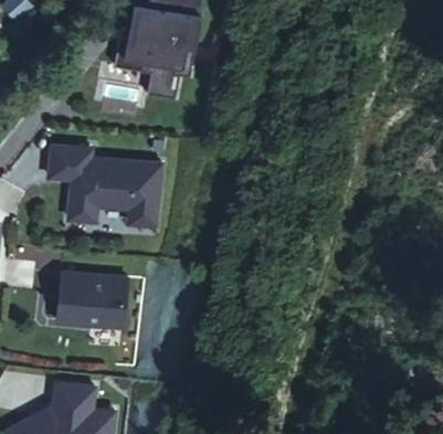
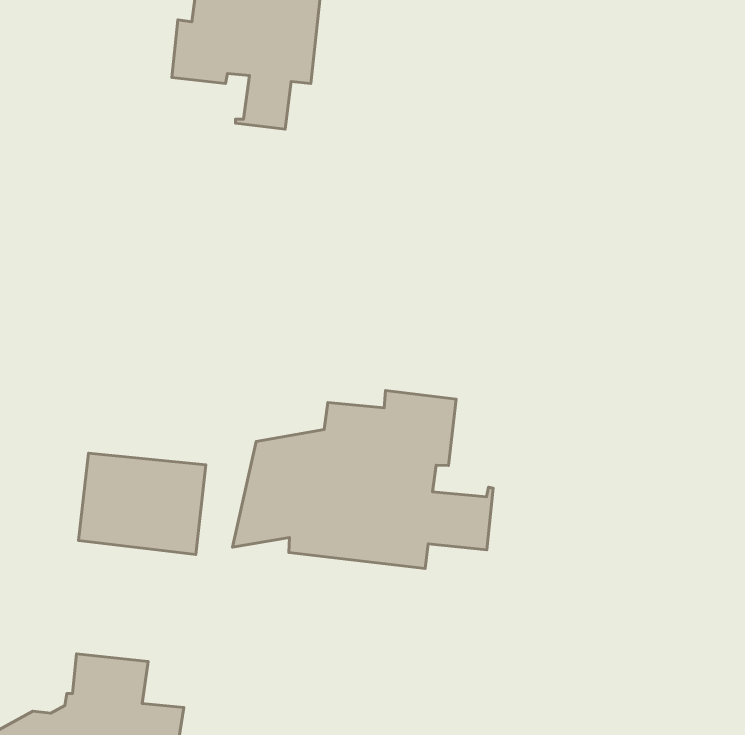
building: [51,144,161,226] -> none
building: none -> [232,390,493,568]

